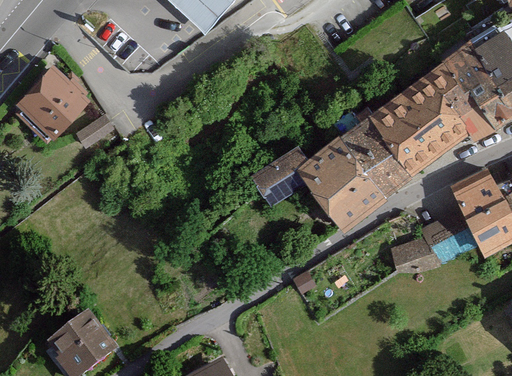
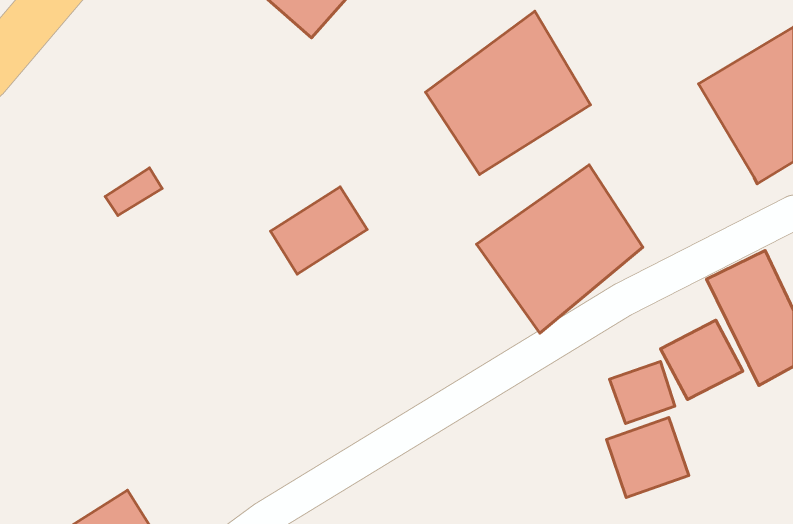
building: [25,62,96,133] -> none
building: [380,62,484,165] -> [425,11,590,175]
building: [255,148,316,203] -> [270,187,367,274]
building: none -> [606,418,689,497]

